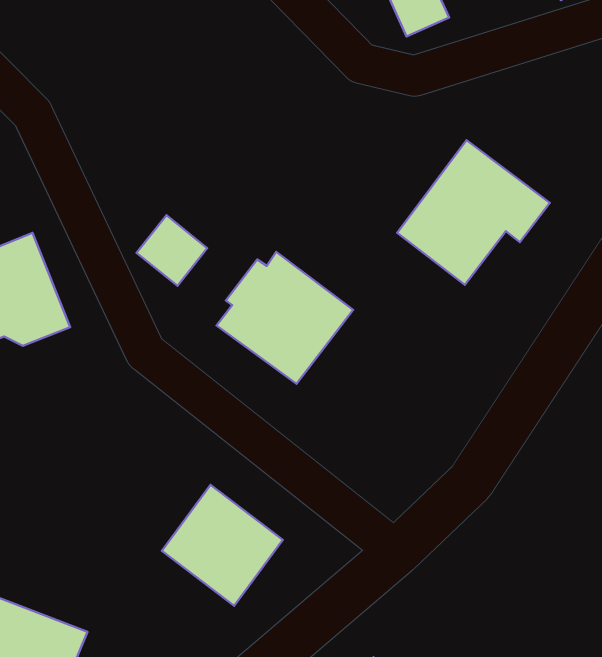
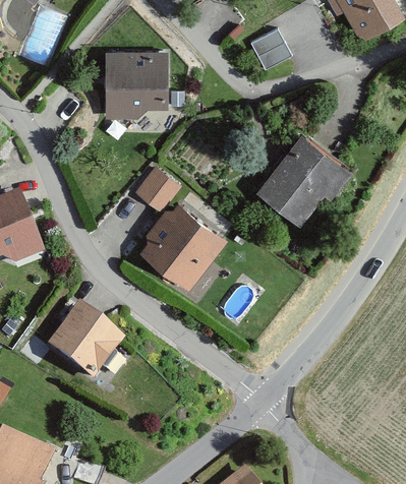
building: none -> [103,53,167,116]
building: [137,215,207,286] -> [132,165,178,210]
building: [162,485,283,606] -> [51,304,129,382]

